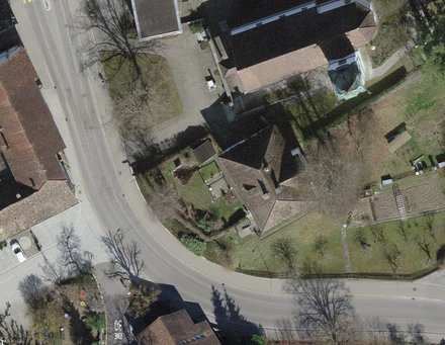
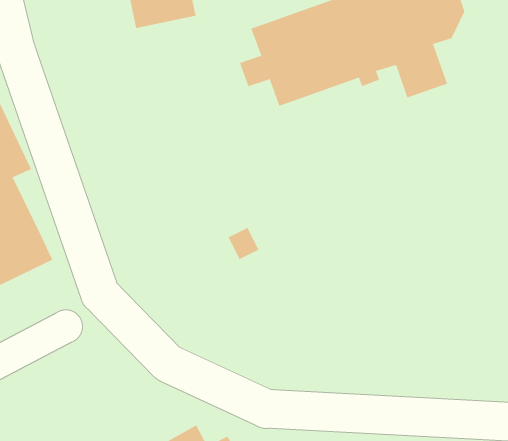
building: [214,121,313,227] -> none

